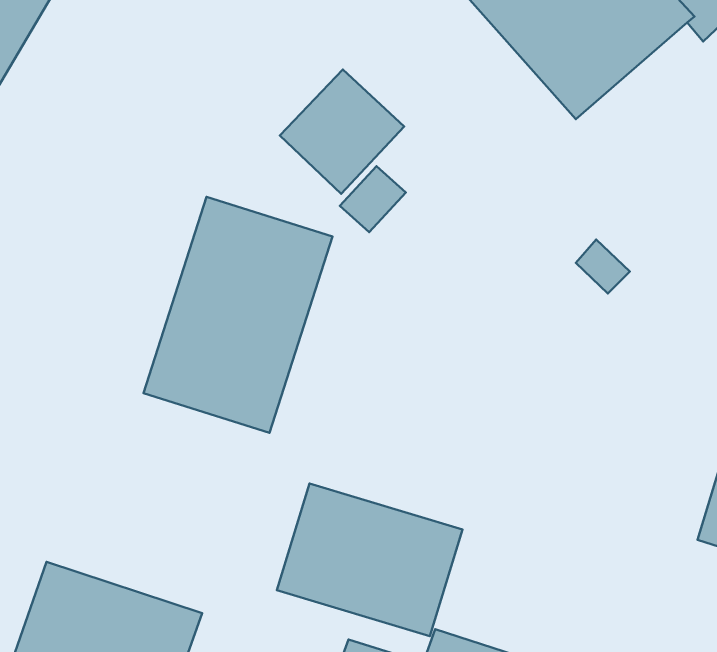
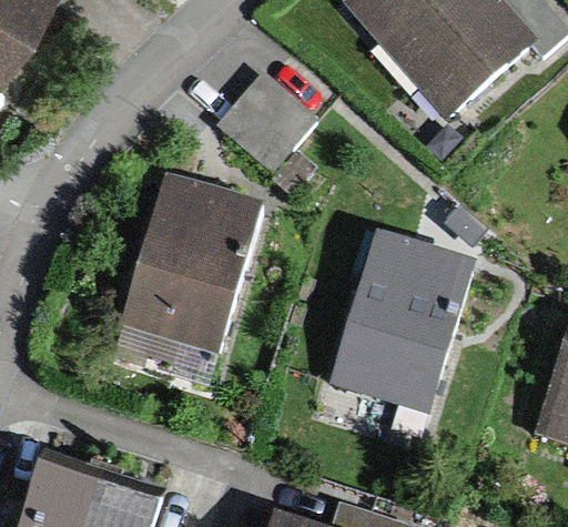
building: none -> [327,226,475,415]
building: [277,484,462,636] -> none

